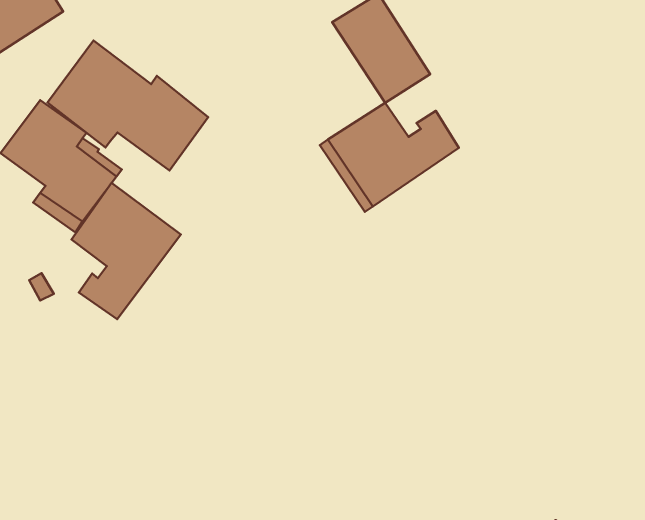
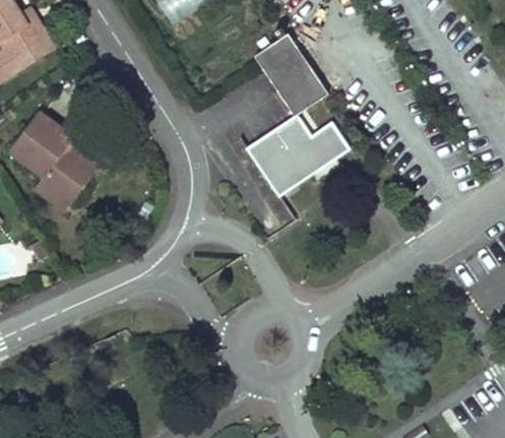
building: [48,41,208,170] -> none
building: [71,183,181,319] -> none

